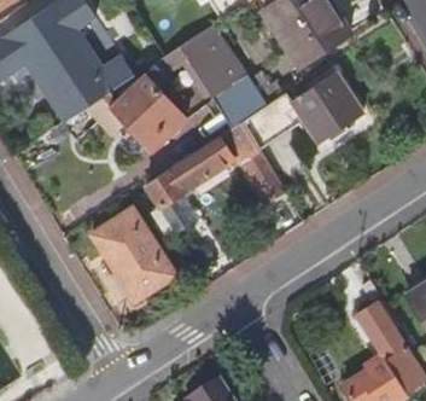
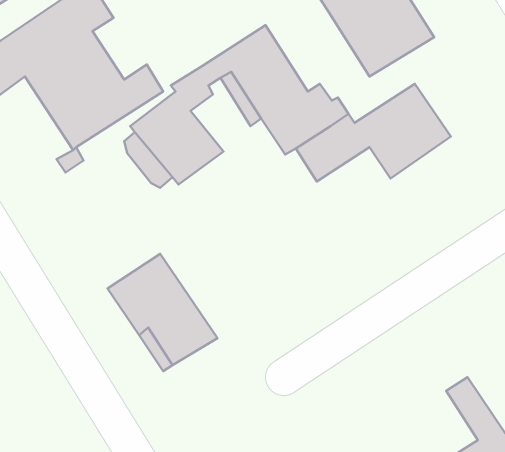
building: [147,123,286,240] -> none

